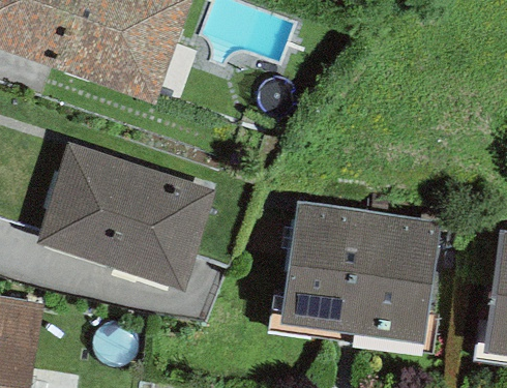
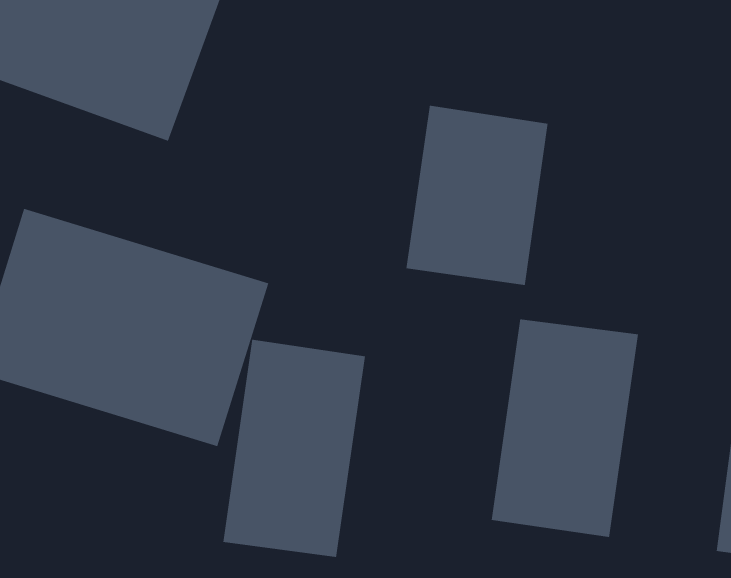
building: none -> [406,105,548,286]
building: [279,200,366,332] -> [223,339,366,558]

